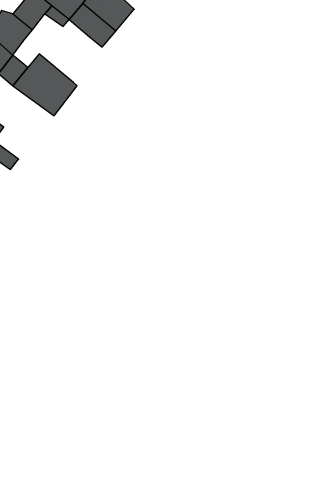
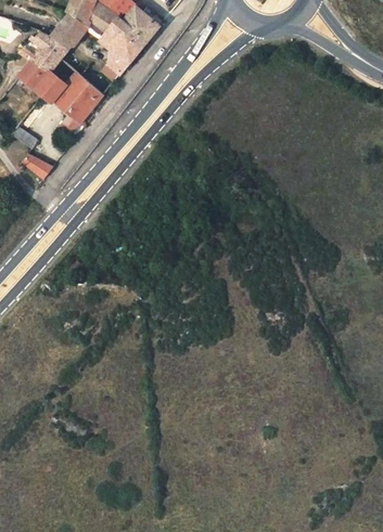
building: none -> [101,52,131,83]

